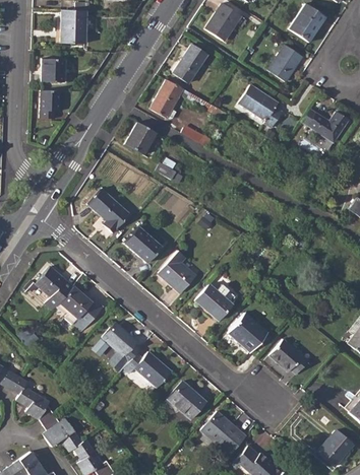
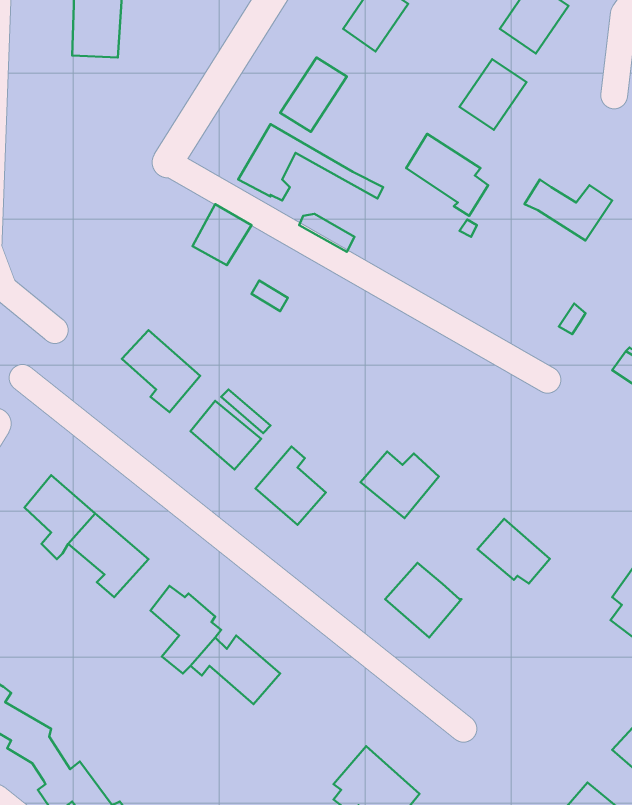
building: [42,58,65,82] -> none
building: [41,90,61,118] -> none
building: [195,284,237,320] -> [360,452,439,518]
building: [269,339,308,374] -> [477,519,550,584]
building: [168,381,205,419] -> none

